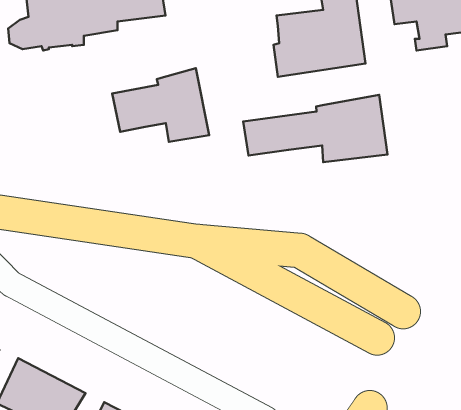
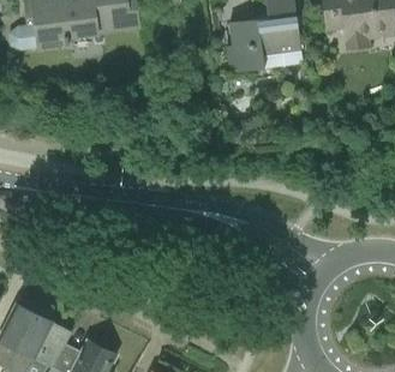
building: [112,68,209,142] -> none
building: [243,95,387,162] -> none

